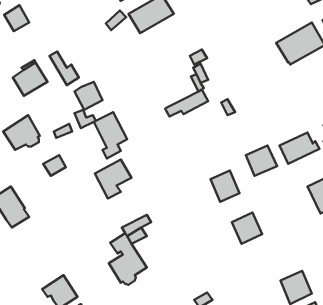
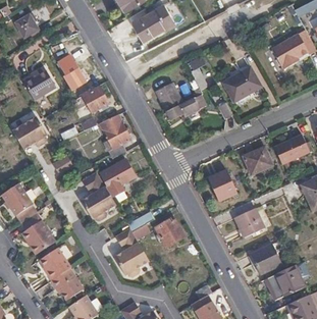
building: none -> [223,67,260,102]
building: none -> [156,83,183,110]
building: none -> [80,172,114,221]
building: none -> [20,213,56,255]
building: none -> [154,218,183,247]
building: none -> [250,243,280,273]
building: none -> [41,248,72,281]

